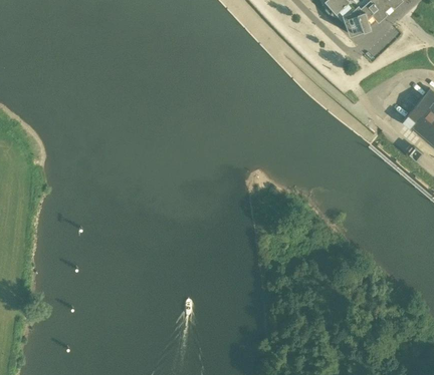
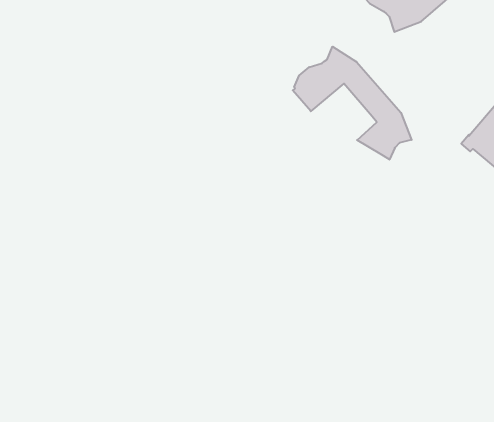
building: none -> [293,47,412,160]

